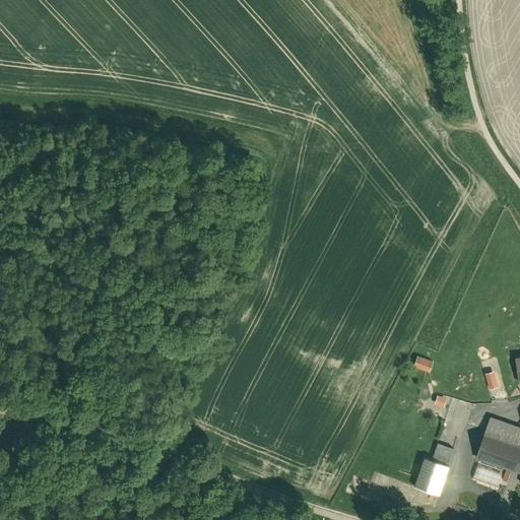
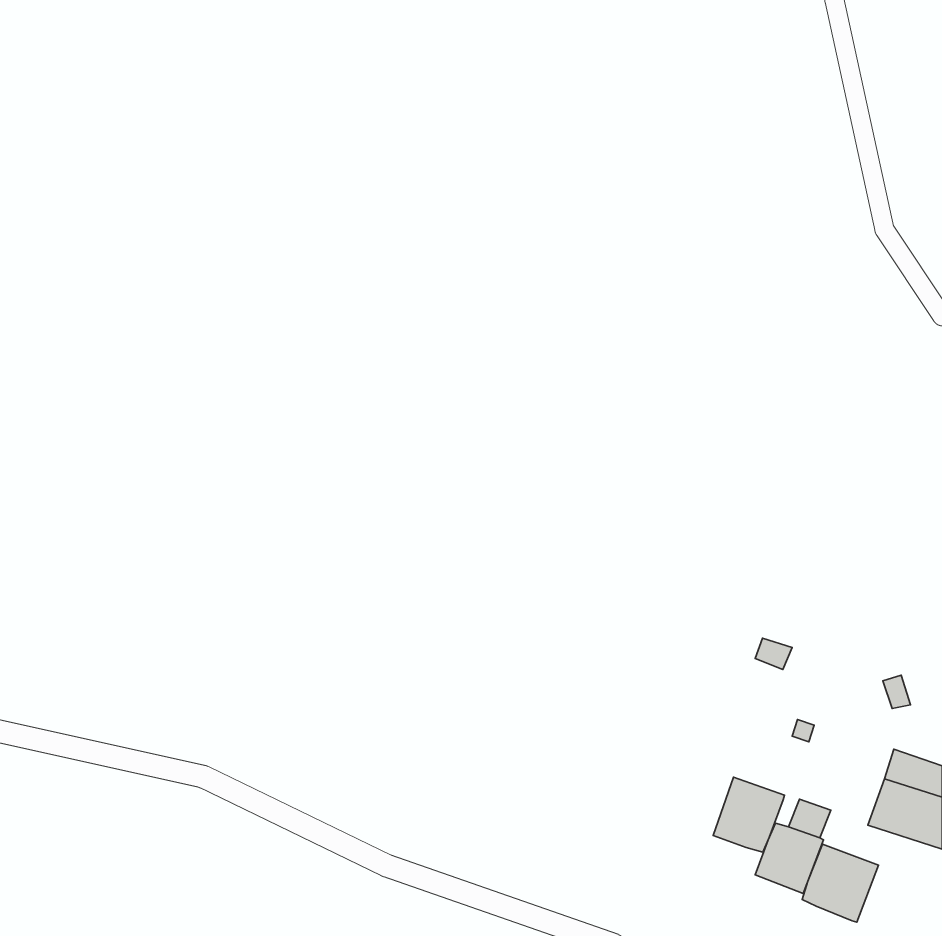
building: none -> [713,777,784,852]
building: none -> [802,844,879,922]

